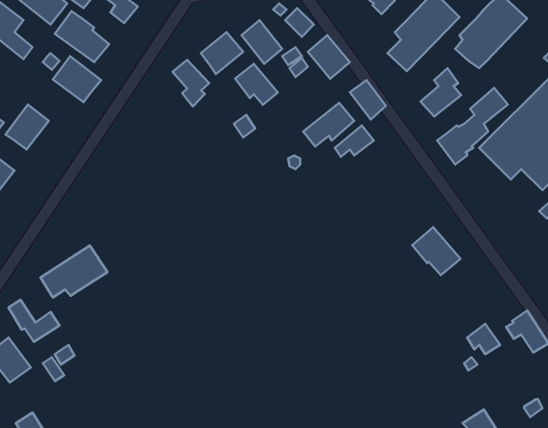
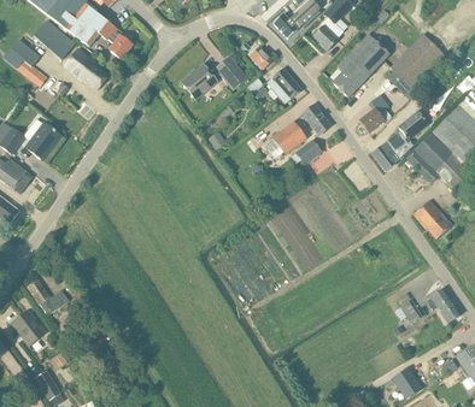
building: [53,56,101,102] -> none
building: [172,60,209,106] -> none
building: [235,64,278,105] -> none
building: [412,227,460,275] -> [414,199,452,237]
building: [40,246,108,298] -> none

